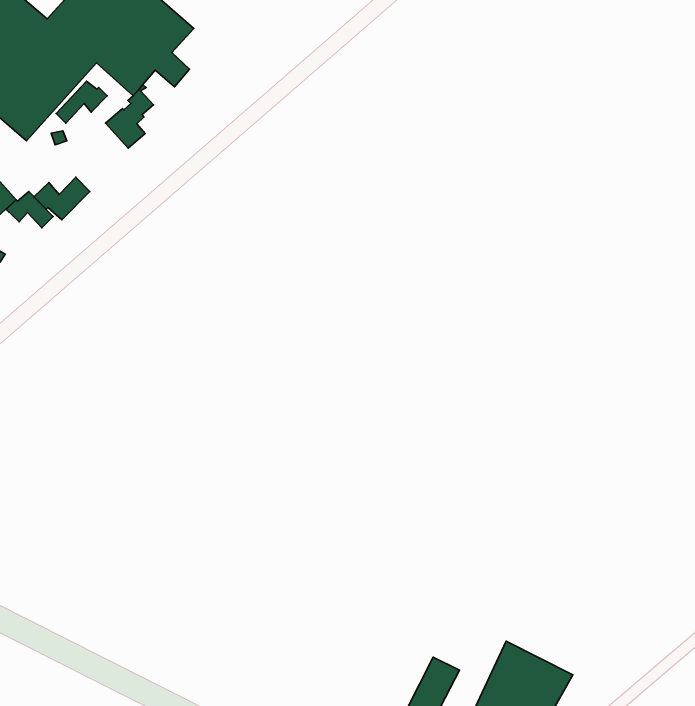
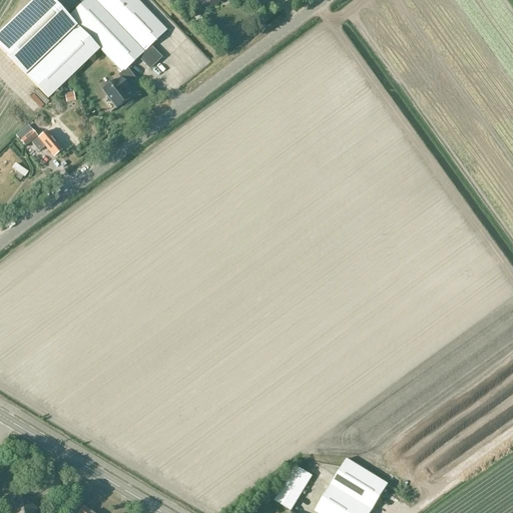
building: [56,81,107,123] -> none
building: [34,177,90,220] -> none

